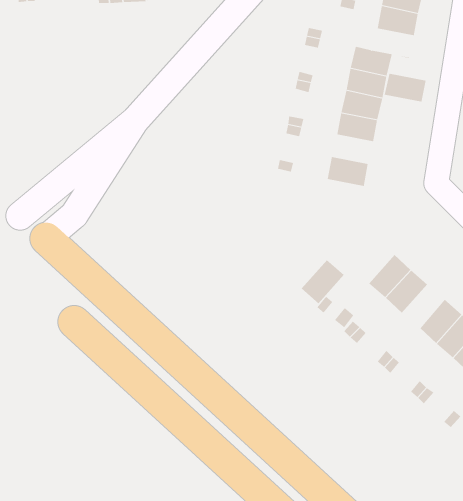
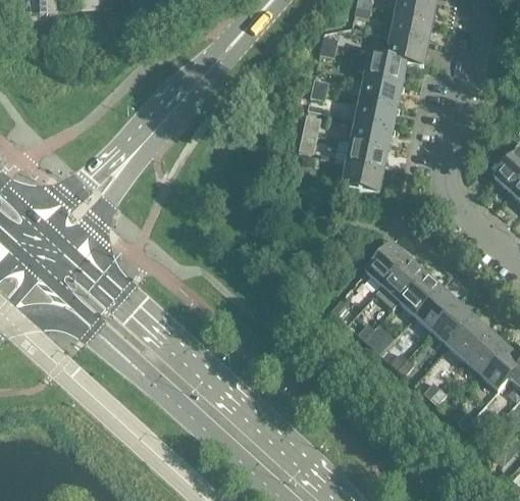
building: [384,73,426,102] -> [385,34,427,62]
building: none -> [346,138,387,166]
building: [301,259,345,304] -> [365,240,408,284]
building: none -> [415,285,457,328]

